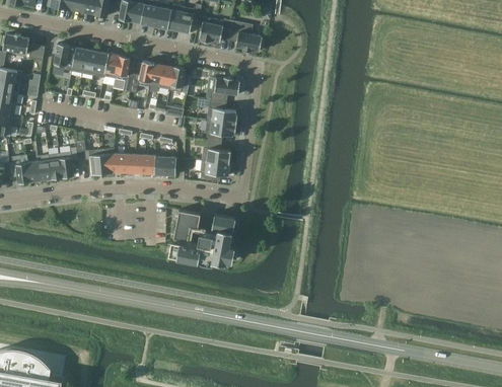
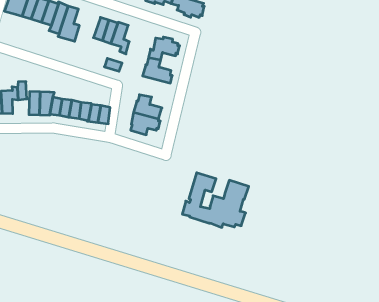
building: [130,62,154,93] -> none
building: [205,121,236,142] -> none
building: [168,210,235,264] -> [182,173,249,227]

